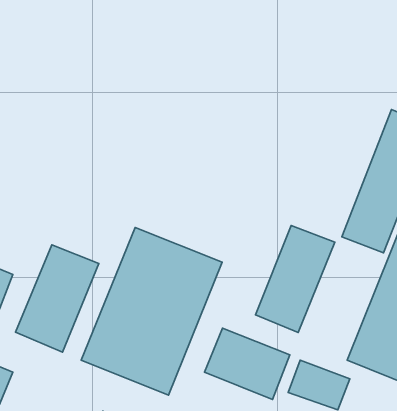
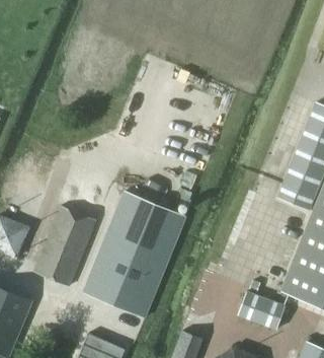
building: [256,226,335,333] -> none
building: [205,328,290,400] -> none

